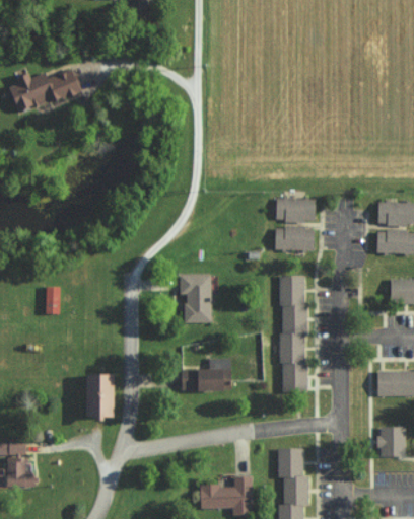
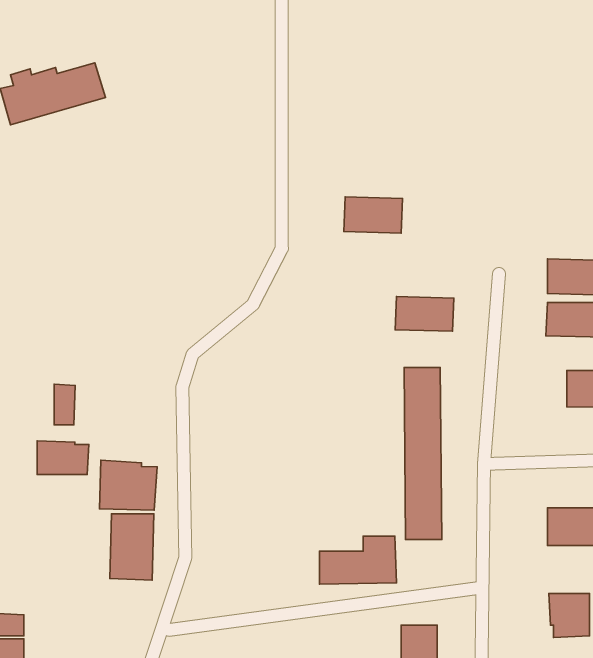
building: [275,198,315,222] -> [344,197,403,233]
building: [179,274,211,322] -> none
building: none -> [37,441,89,475]
building: none -> [100,460,157,510]
building: [180,358,231,390] -> [320,536,397,584]

